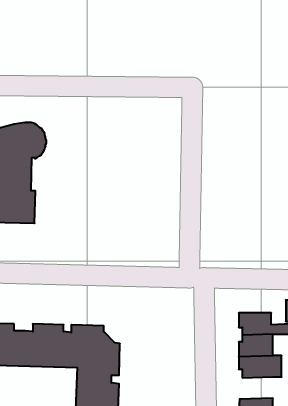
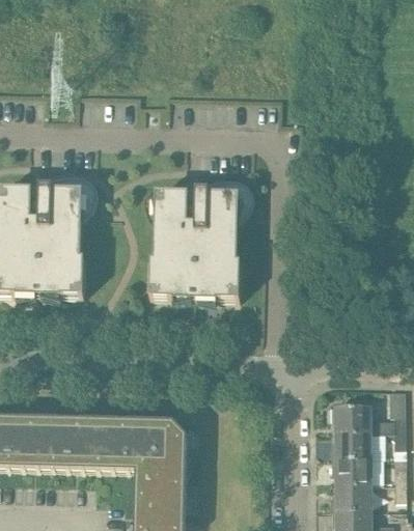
building: none -> [149,180,253,302]
building: none -> [332,485,372,512]

